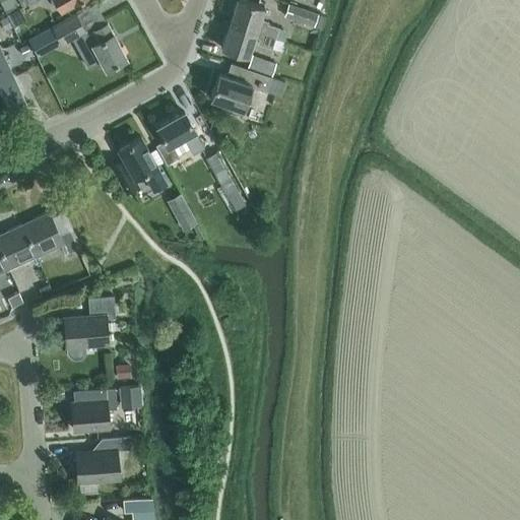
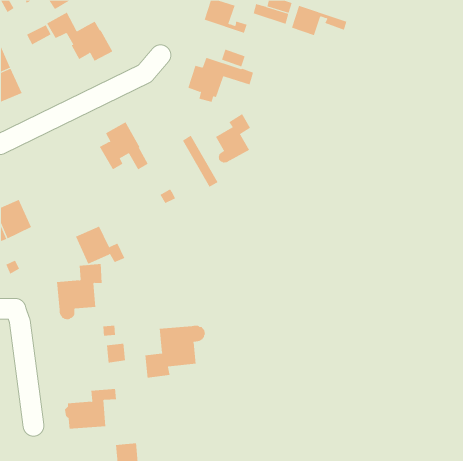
building: [220,24,283,59] -> [291,5,347,36]
building: [155,114,204,167] -> none
building: none -> [215,113,251,163]
building: [21,213,77,257] -> [75,226,125,265]
building: none -> [145,325,205,378]
building: [71,388,117,431] -> none

